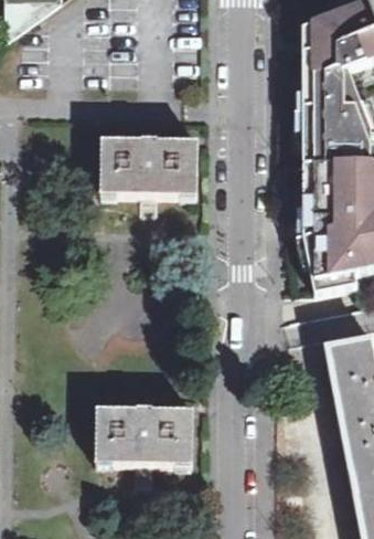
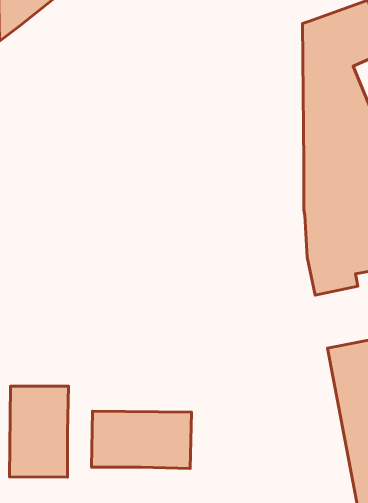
building: [99,136,197,193] -> none
building: none -> [9,386,69,477]

